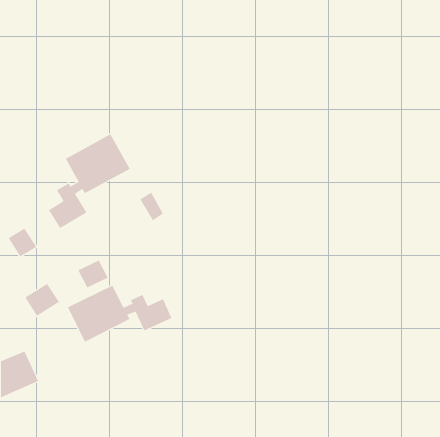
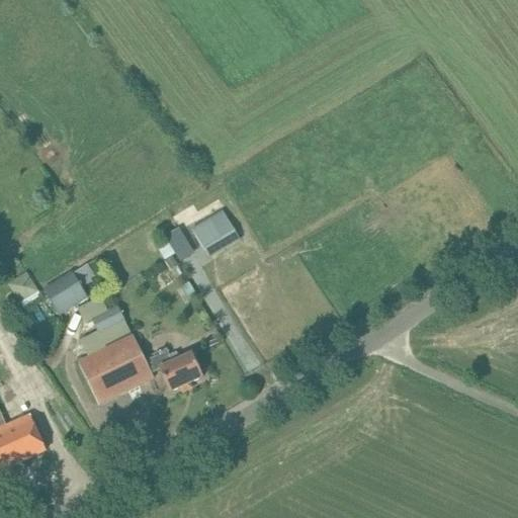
building: [48,133,131,229] -> none
building: none -> [191,209,238,256]
building: [24,283,60,317] -> [45,271,86,311]

